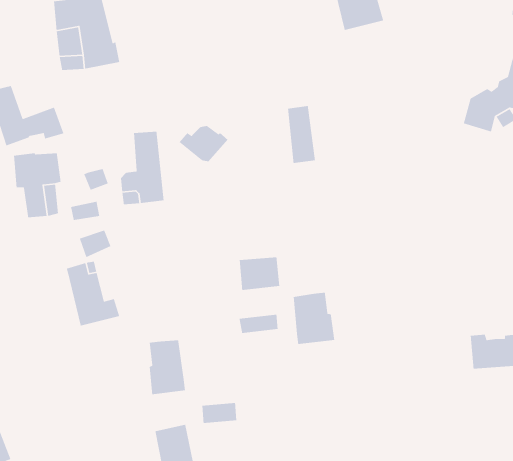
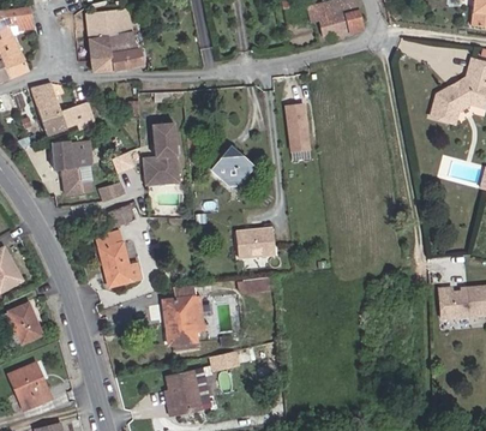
building: [179,125,229,162] -> [209,155,251,186]
building: [293,292,335,345] -> none
building: none -> [173,285,205,330]

